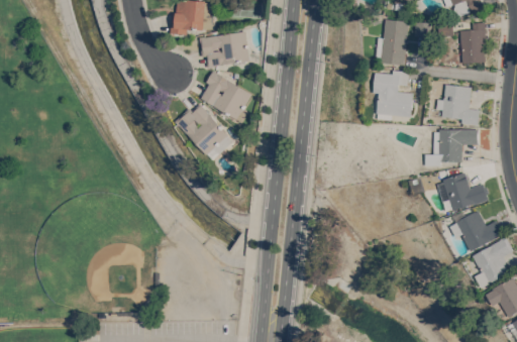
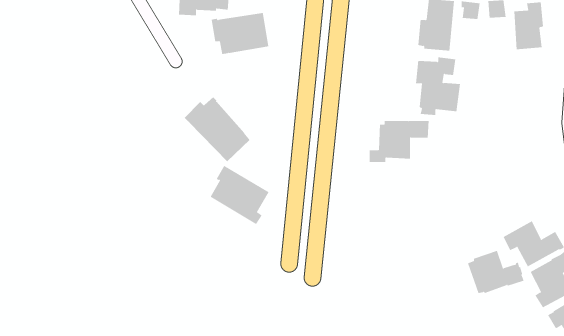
building: [200,71,251,122] -> [210,165,269,225]
building: [431,84,479,125] -> none
building: [425,129,478,165] -> [369,121,430,163]
building: [438,173,488,210] -> [467,250,524,294]

